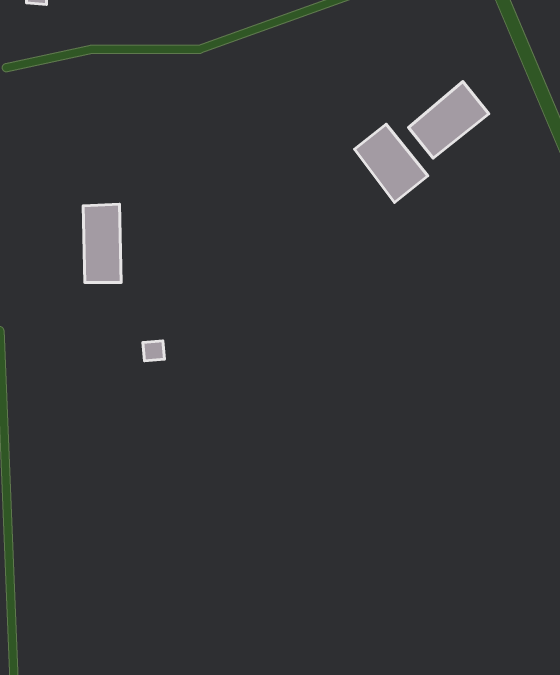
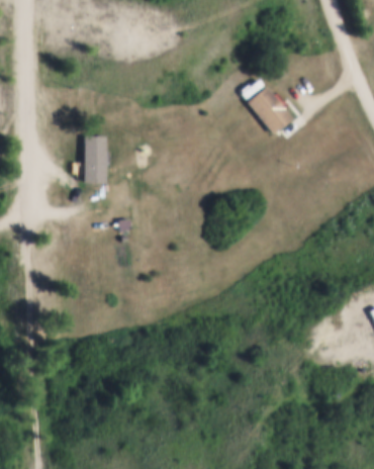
building: [408,82,489,158] -> none

